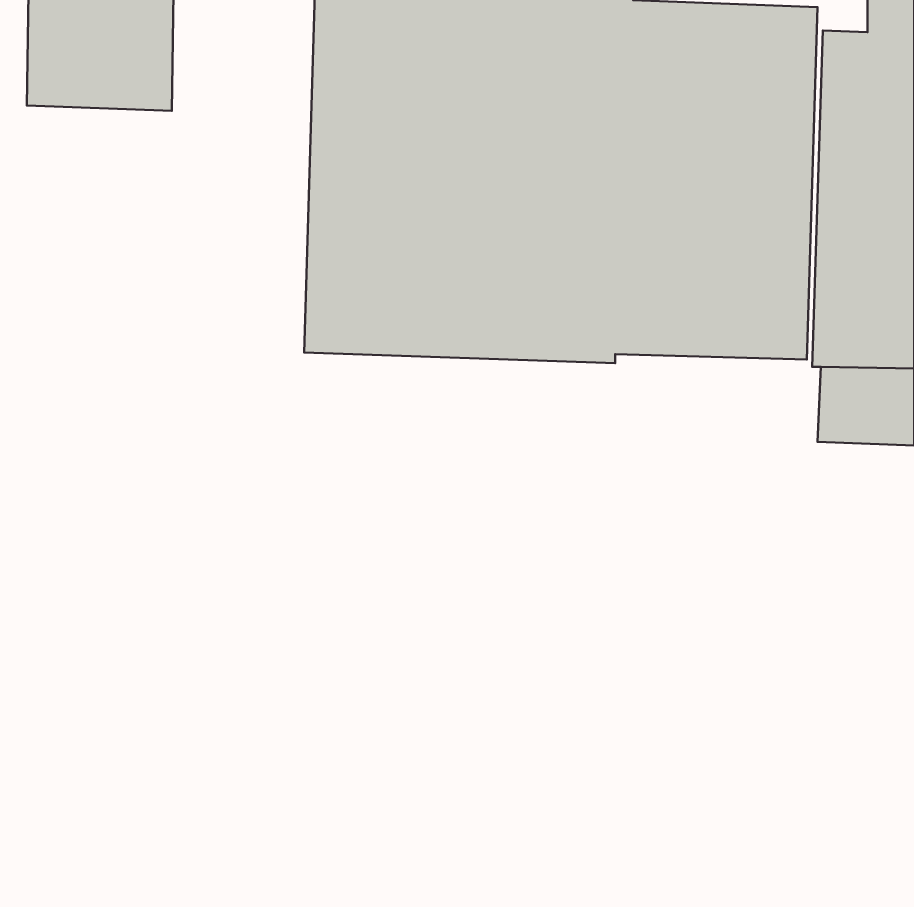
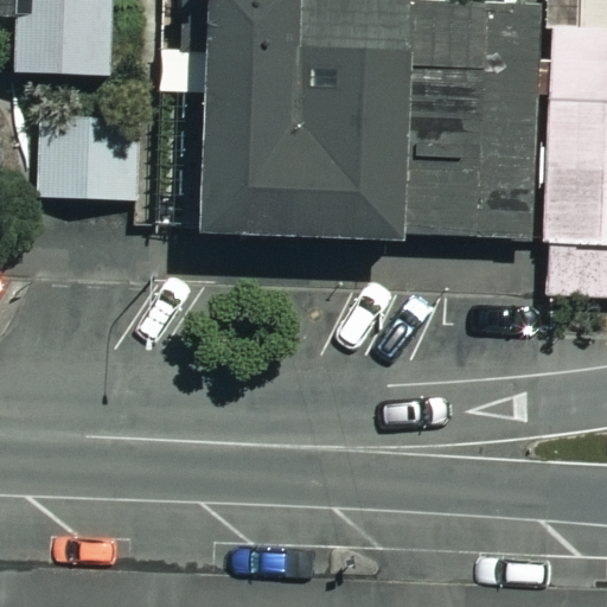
building: none -> [41,113,148,198]

